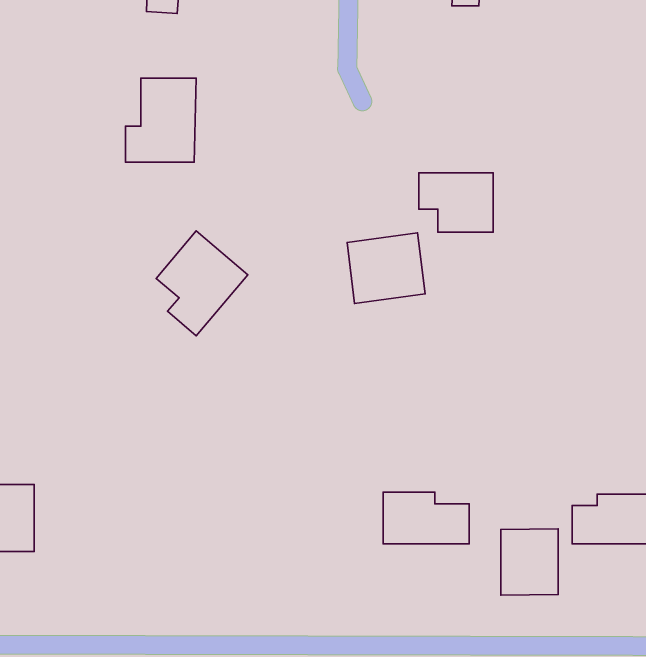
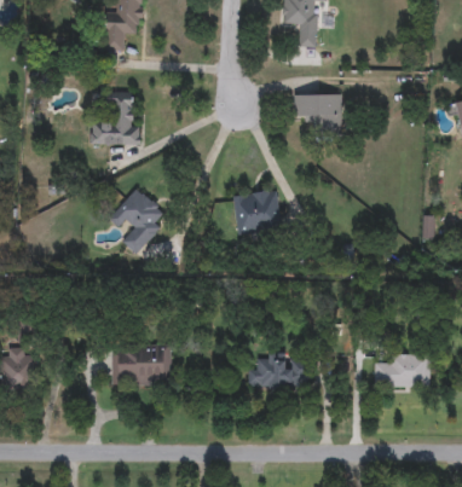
building: [419,173,493,232] -> [294,94,341,132]
building: none -> [111,346,171,384]
building: [501,529,558,595] -> none

